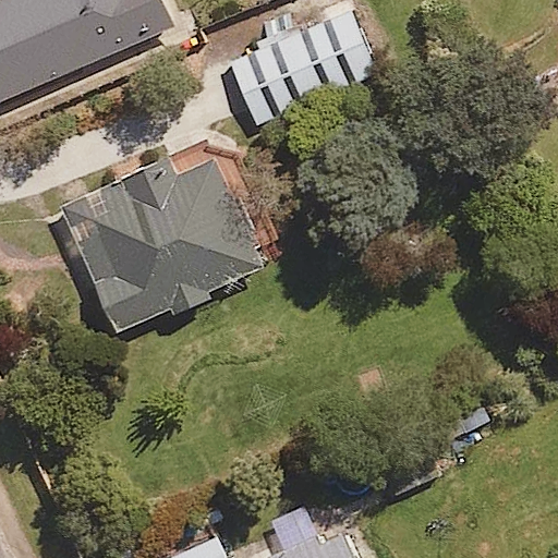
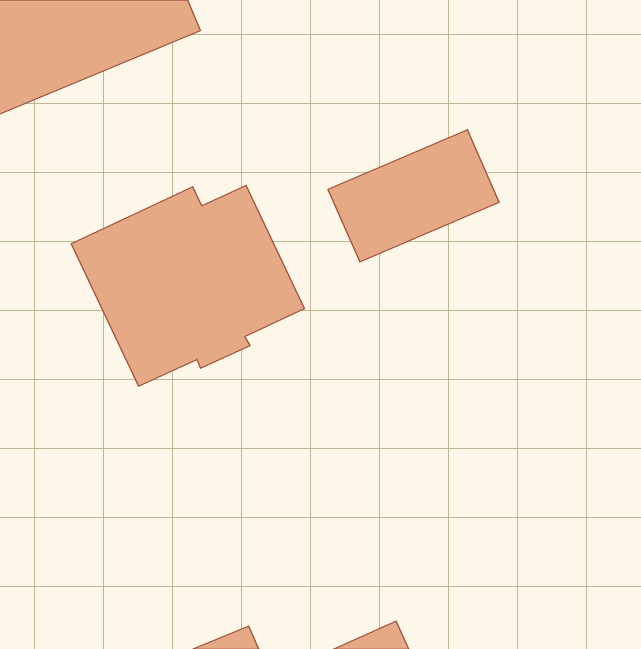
building: [228,9,375,122] -> [328,130,499,262]

